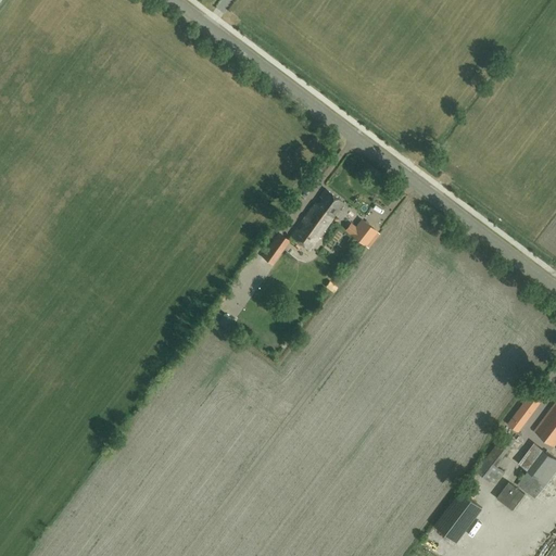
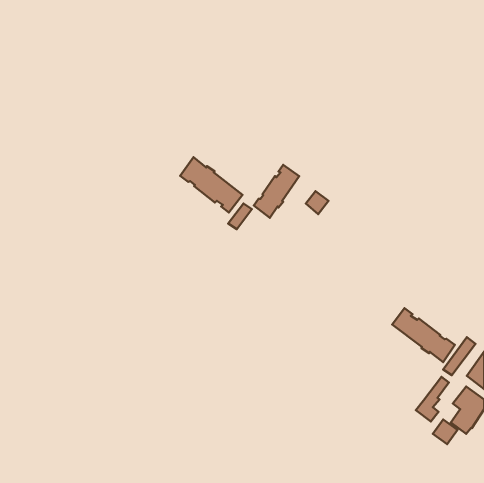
building: none -> [180,157,242,212]
building: none -> [392,308,455,362]
building: [434,492,482,543] -> none

